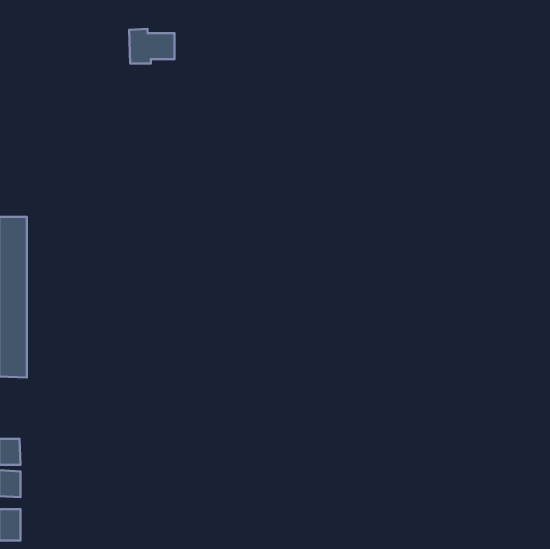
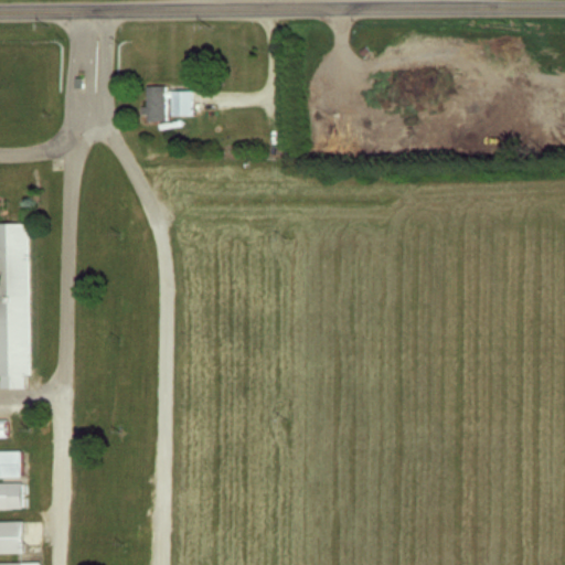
building: [129,29,175,63] -> [146,86,192,121]

